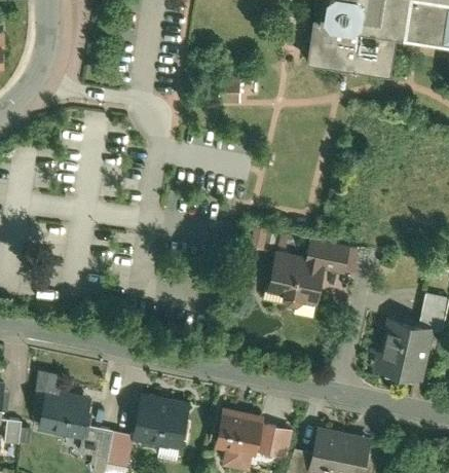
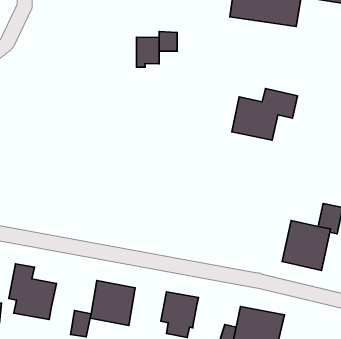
building: none -> [137,37,159,67]
building: [266,242,348,306] -> [232,89,298,140]
building: [261,426,297,458] -> none
building: [80,428,113,459] -> none

